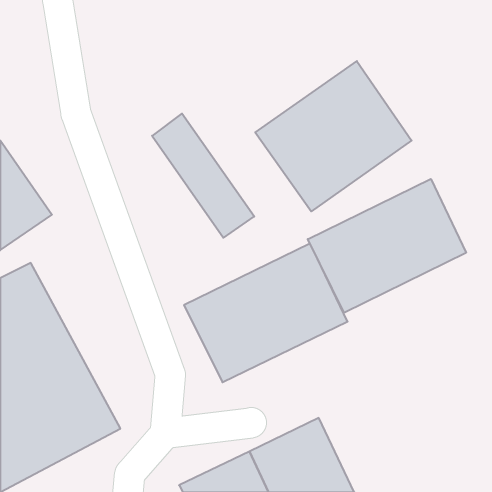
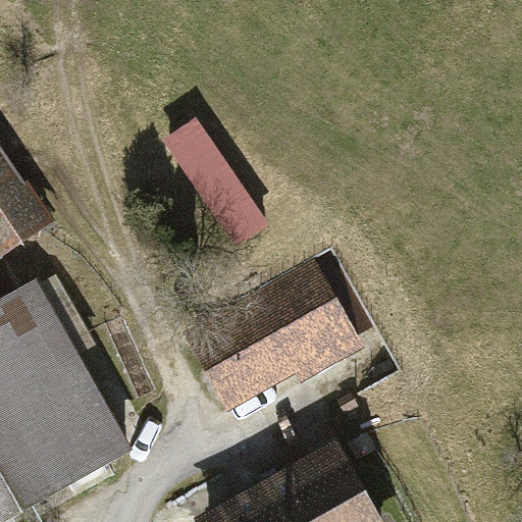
building: [255,61,412,211] -> none
building: [308,179,466,313] -> none

